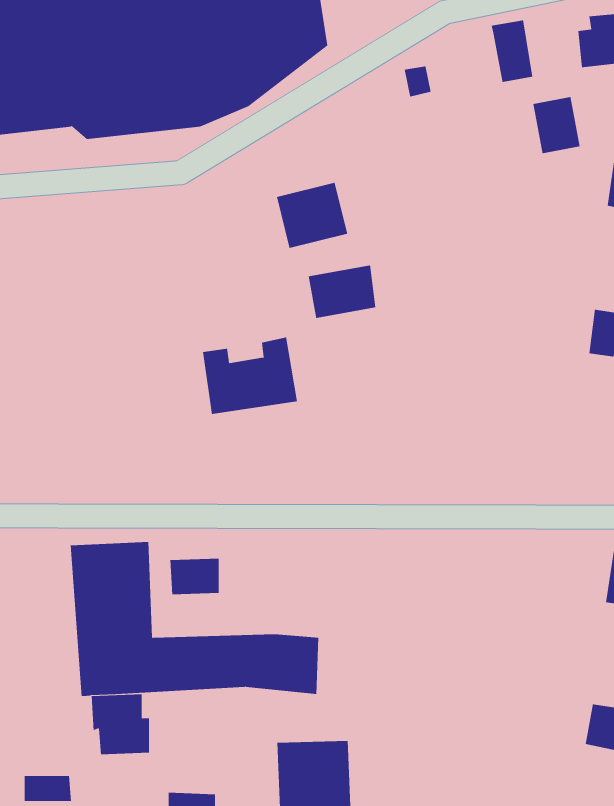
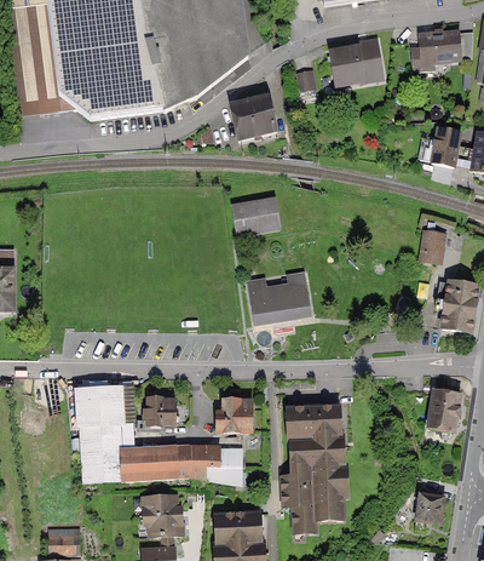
building: [533,97,581,154] -> [330,47,362,85]
building: [276,182,348,248] -> [229,96,276,139]
building: [202,337,298,414] -> [248,271,311,322]
building: none -> [219,393,252,427]
building: none -> [281,399,347,532]
building: [91,694,150,755] -> [143,494,182,534]

